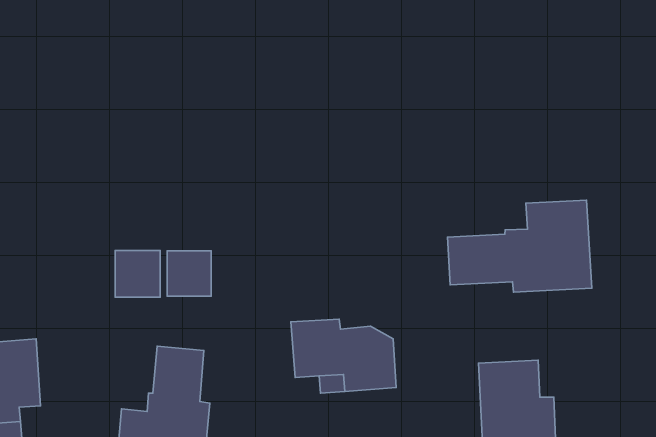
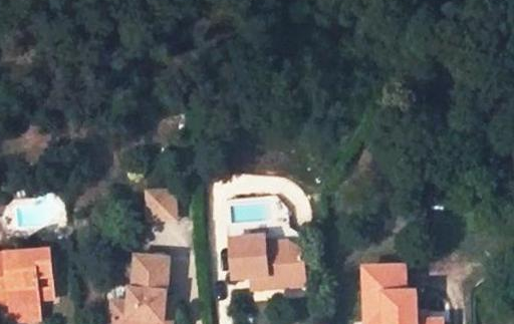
building: [448,200,592,292] -> none
building: [115,251,160,297] -> none

